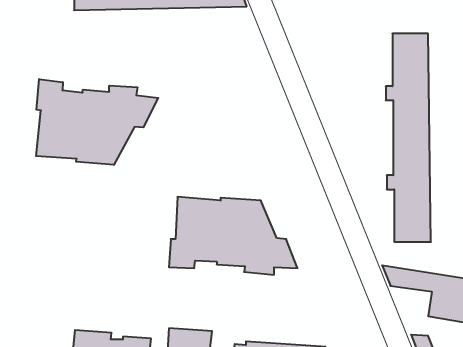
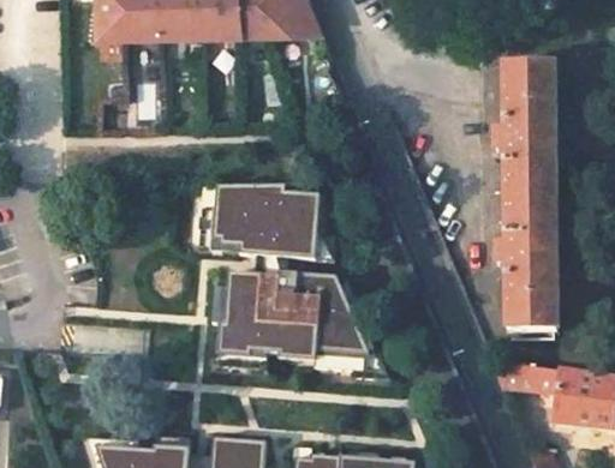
building: [36,79,158,165] -> none
building: none -> [196,188,320,263]

